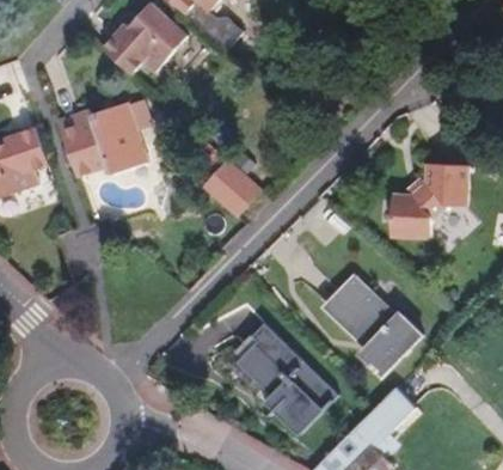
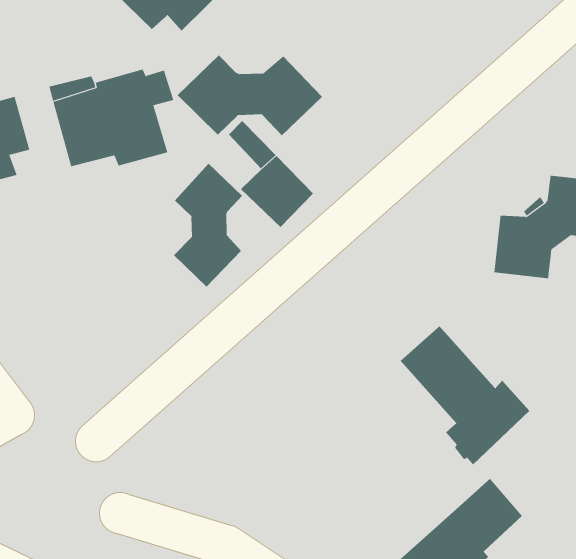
building: none -> [177,55,323,136]
building: none -> [173,163,243,287]
building: [232,323,338,434] -> none

